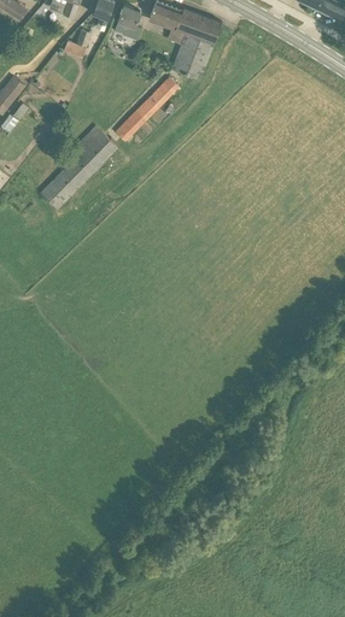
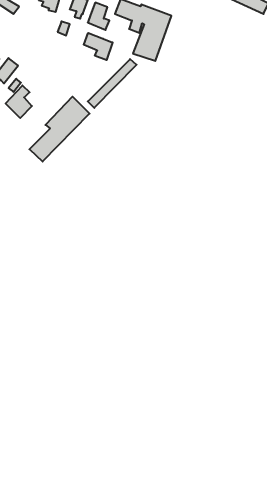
building: none -> [84,33,113,60]
building: none -> [6,85,32,118]

